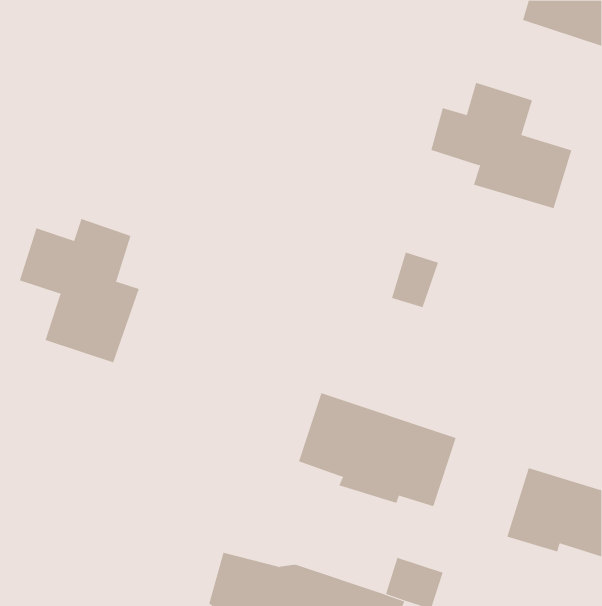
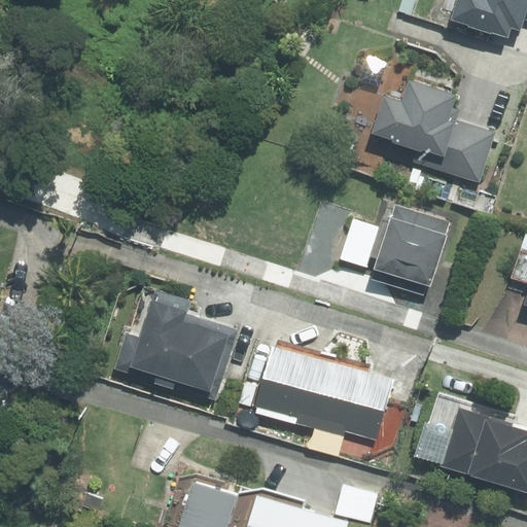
building: [19,218,139,363] -> none
building: none -> [371,202,451,295]
building: none -> [114,288,233,388]

